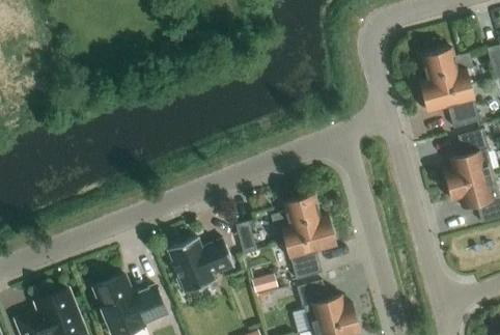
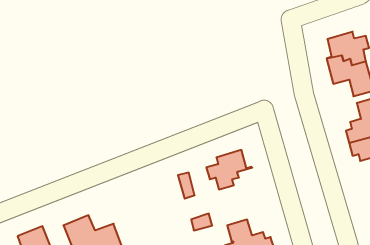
building: [286,216,336,279] -> none
building: [168,236,234,292] -> none

